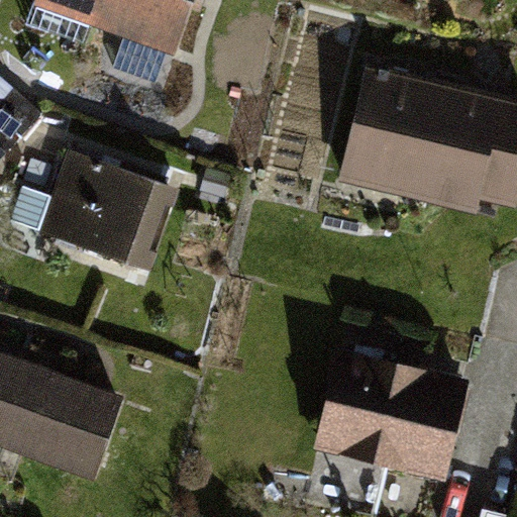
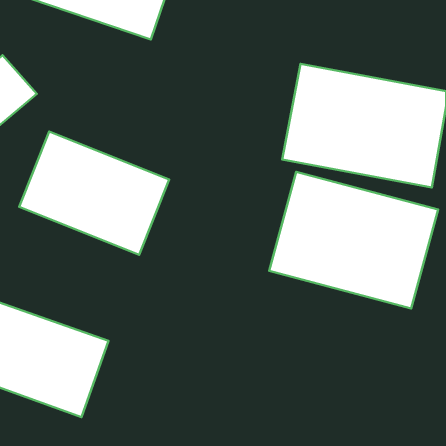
building: none -> [269,172,438,309]
building: [313,348,472,480] -> none

